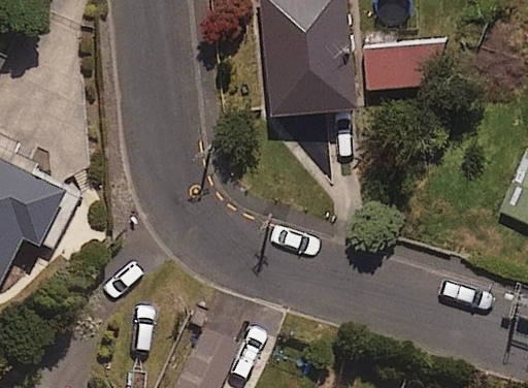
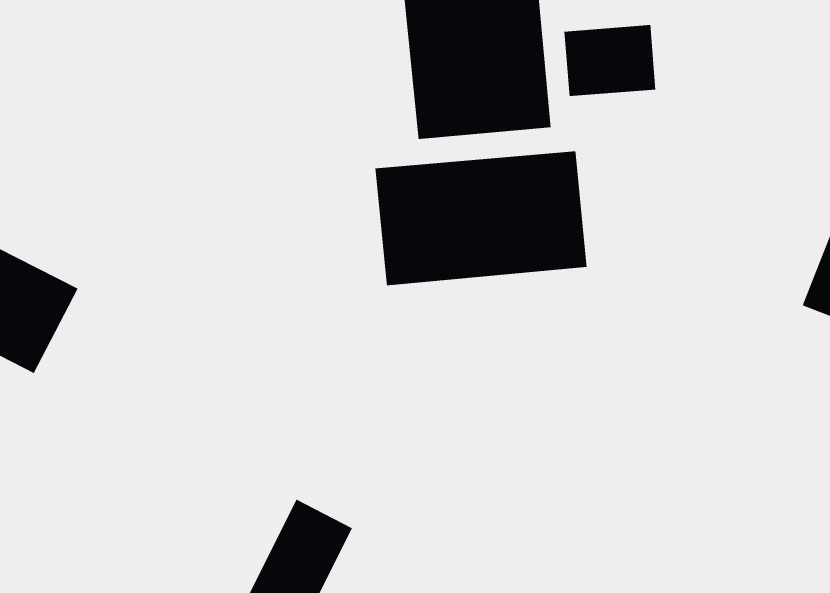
building: none -> [375,151,587,286]

